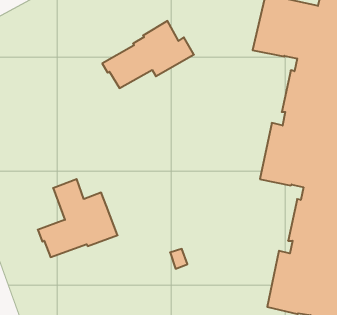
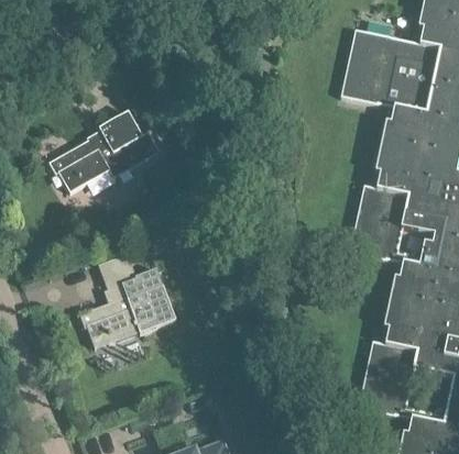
building: [102,21,194,88] -> [48,110,160,191]

